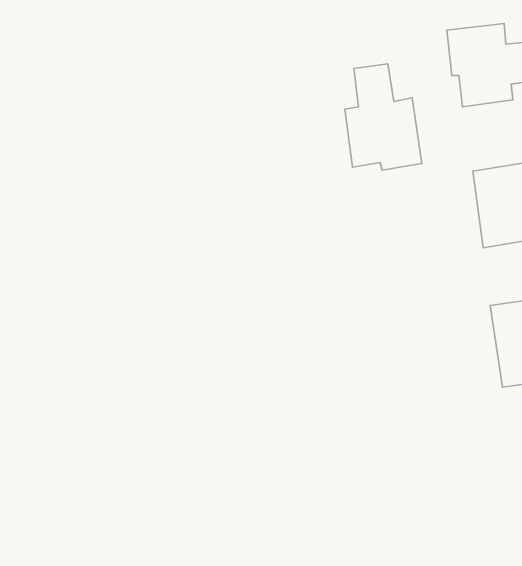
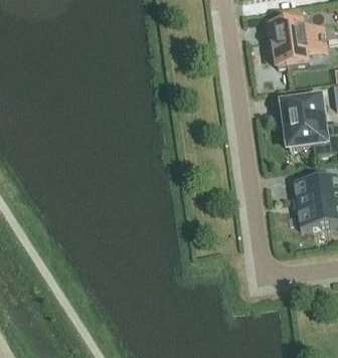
building: [345,64,422,170] -> none

